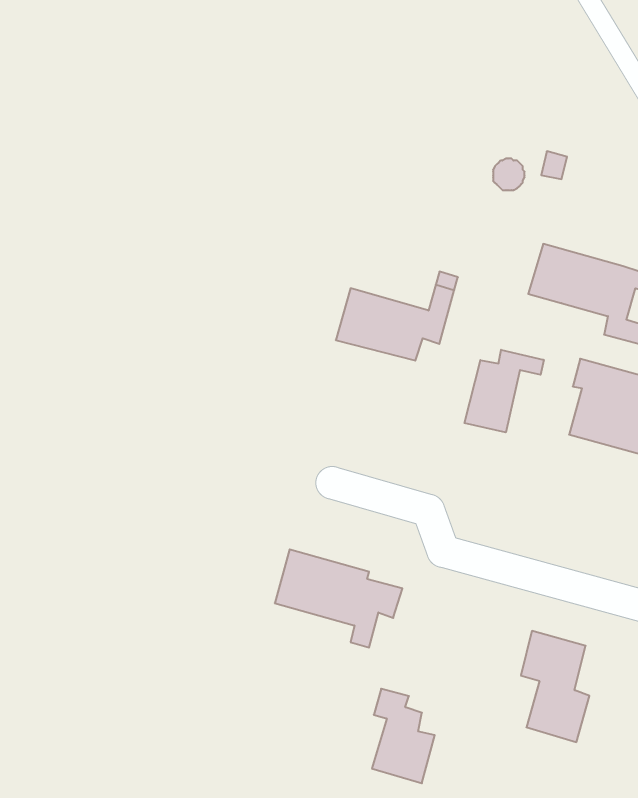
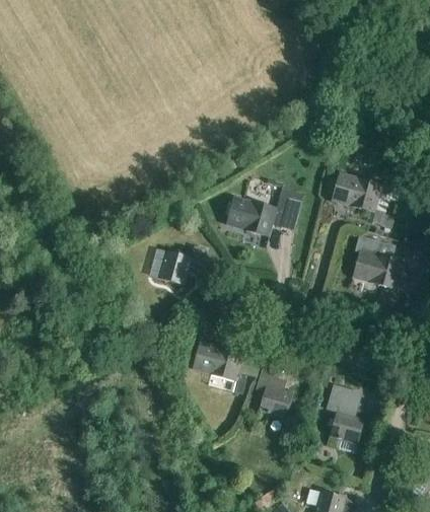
building: [464,350,544,432] -> none
building: none -> [158,245,205,286]
building: [372,689,435,783] -> [259,368,293,420]

